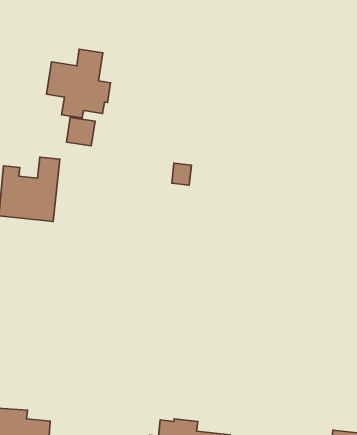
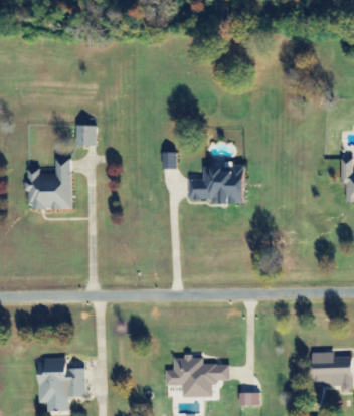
building: [47,49,110,118] -> none
building: none -> [189,163,244,202]

